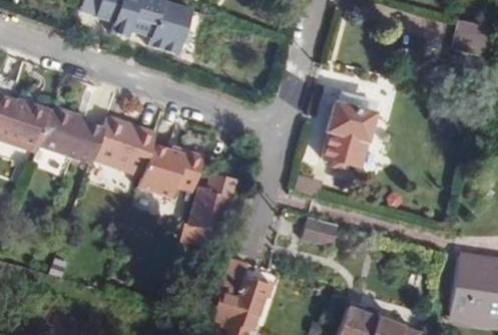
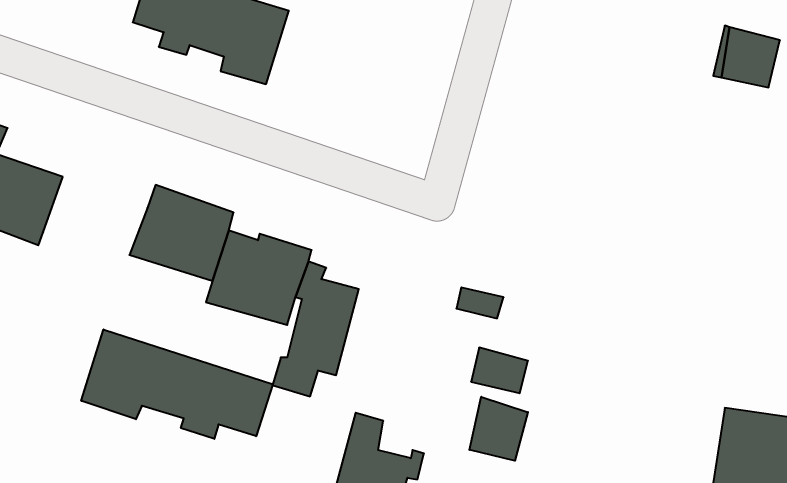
building: [325,93,377,166] -> none
building: [39,108,103,164] -> none
building: none -> [81,329,273,439]
building: none -> [469,397,528,461]

